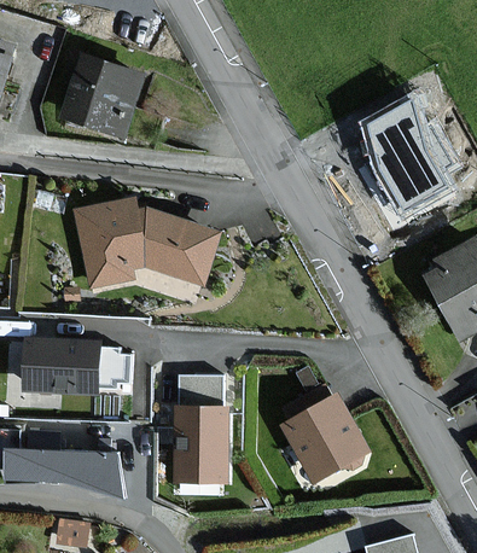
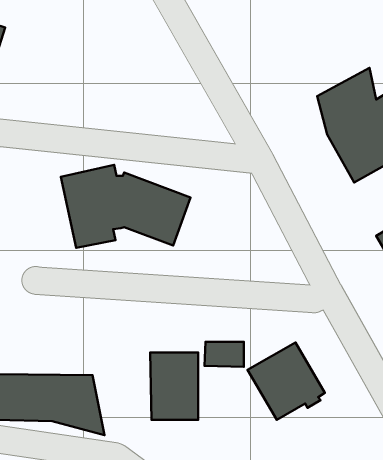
building: [64,54,141,135] -> none
building: [27,338,129,390] -> none
building: [178,367,221,395] -> [204,342,244,367]

